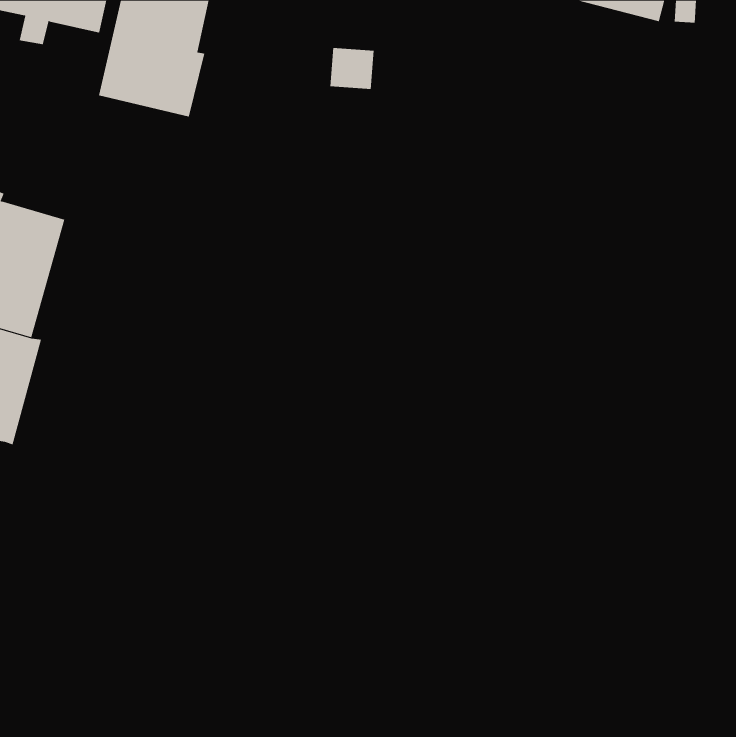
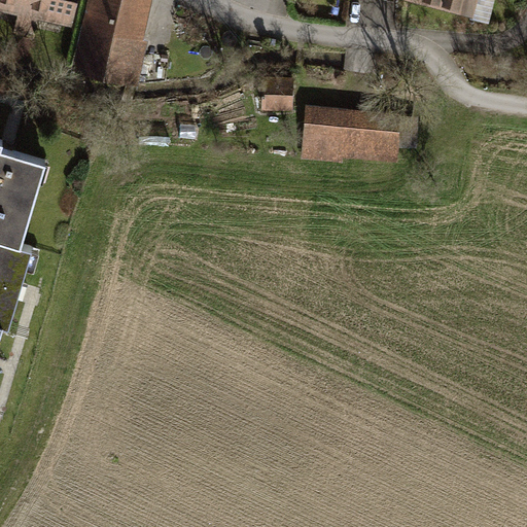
building: [330,48,374,89] -> [260,78,292,108]
building: none -> [300,104,400,163]

